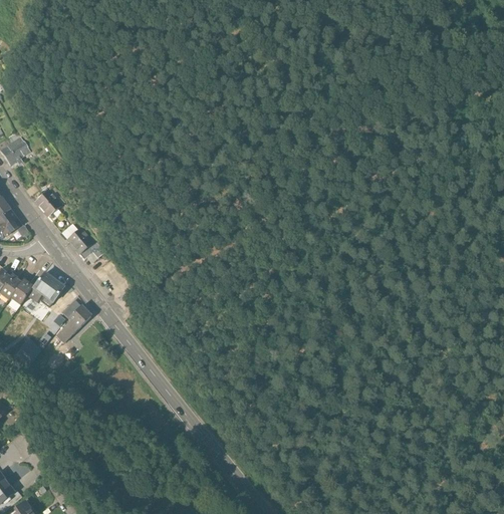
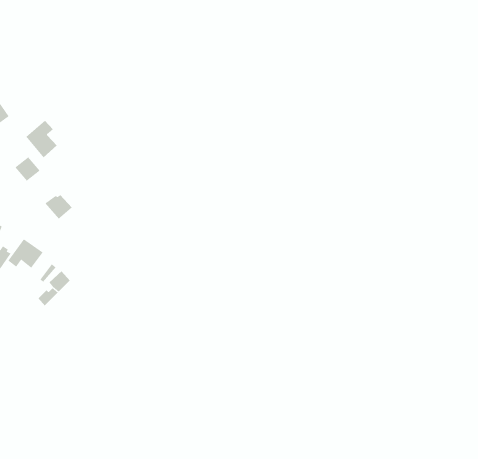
building: none -> [25,120,58,158]

